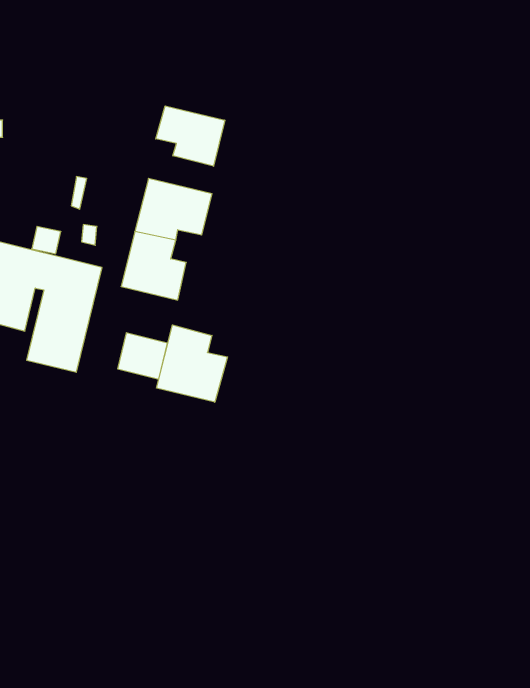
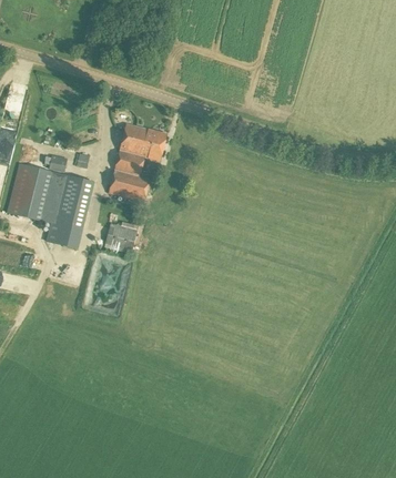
building: [156,106,225,166] -> none
building: [157,325,228,402] -> none

